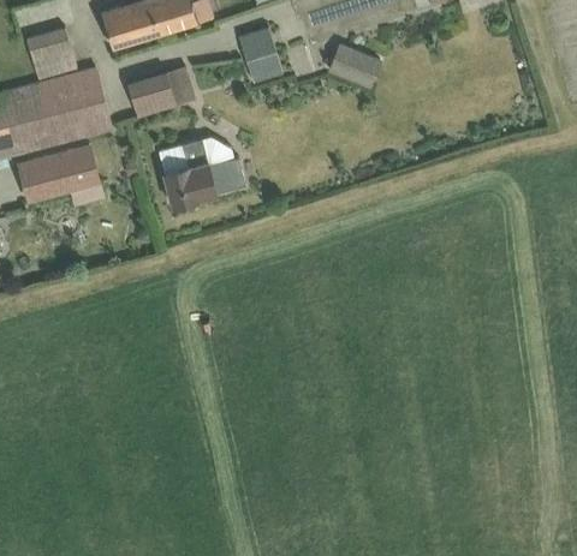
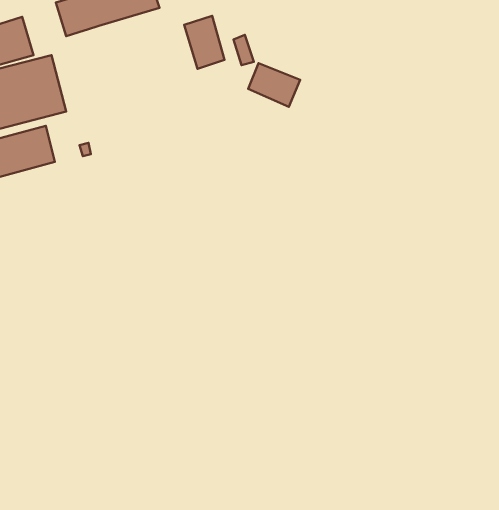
building: [326,42,381,89] -> [248,63,300,107]
building: [126,66,194,116] -> none
building: [157,136,244,205] -> none

